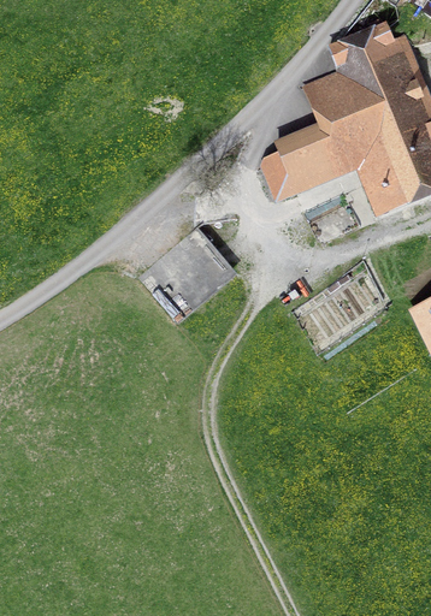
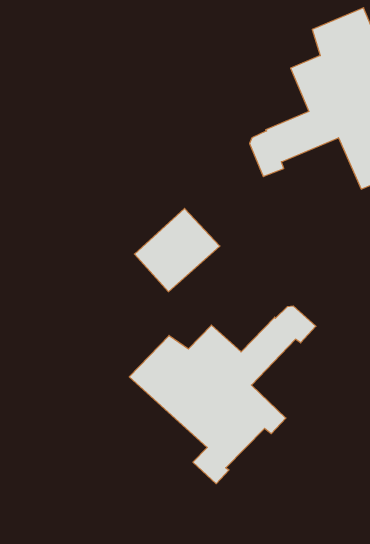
building: none -> [129,306,316,484]

